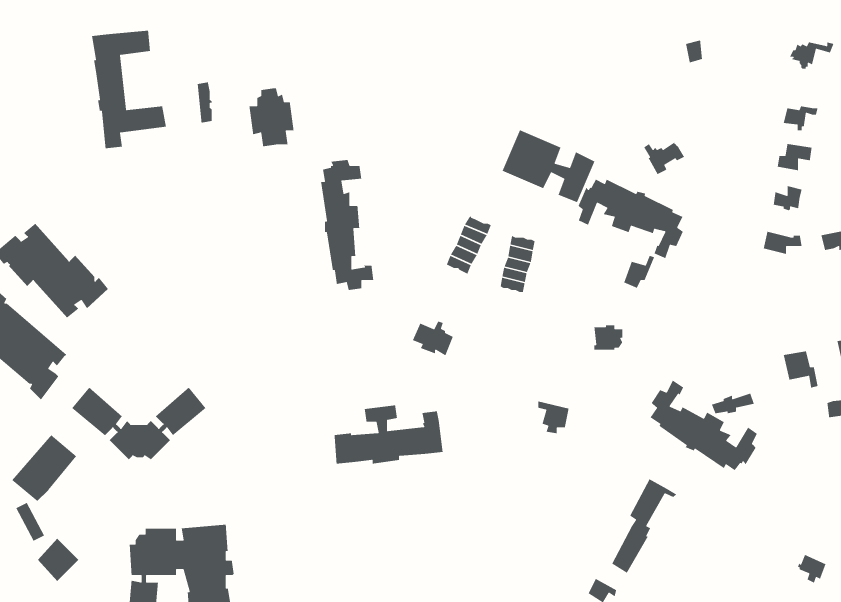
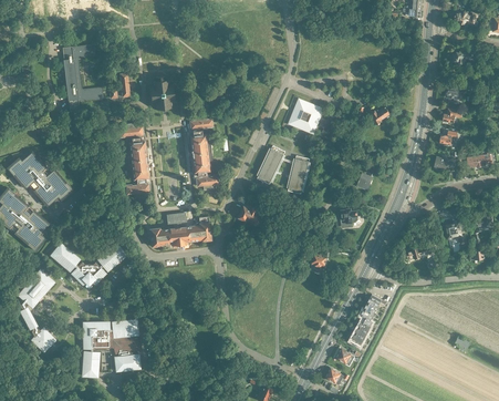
building: none -> [119,123,148,197]
building: [578,179,684,259] -> none
building: [649,380,758,471] -> none
building: [334,405,444,464] -> [149,213,210,246]

